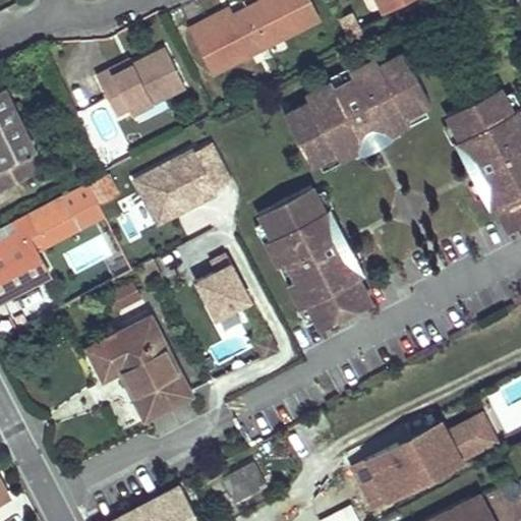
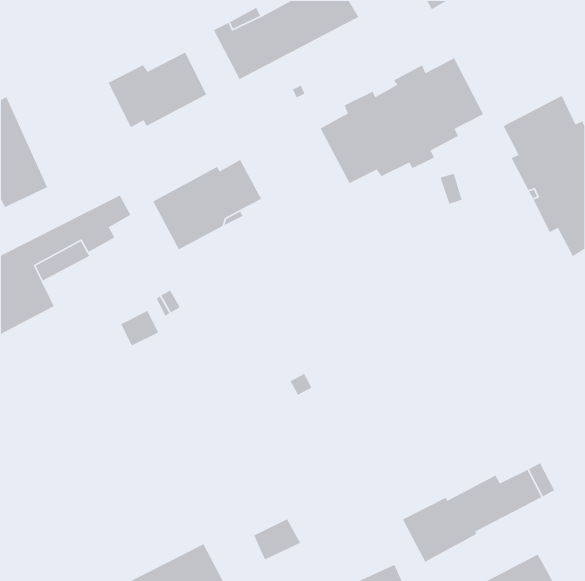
building: [258,187,371,331] -> none
building: [197,254,251,320] -> none
building: [88,316,191,419] -> none

